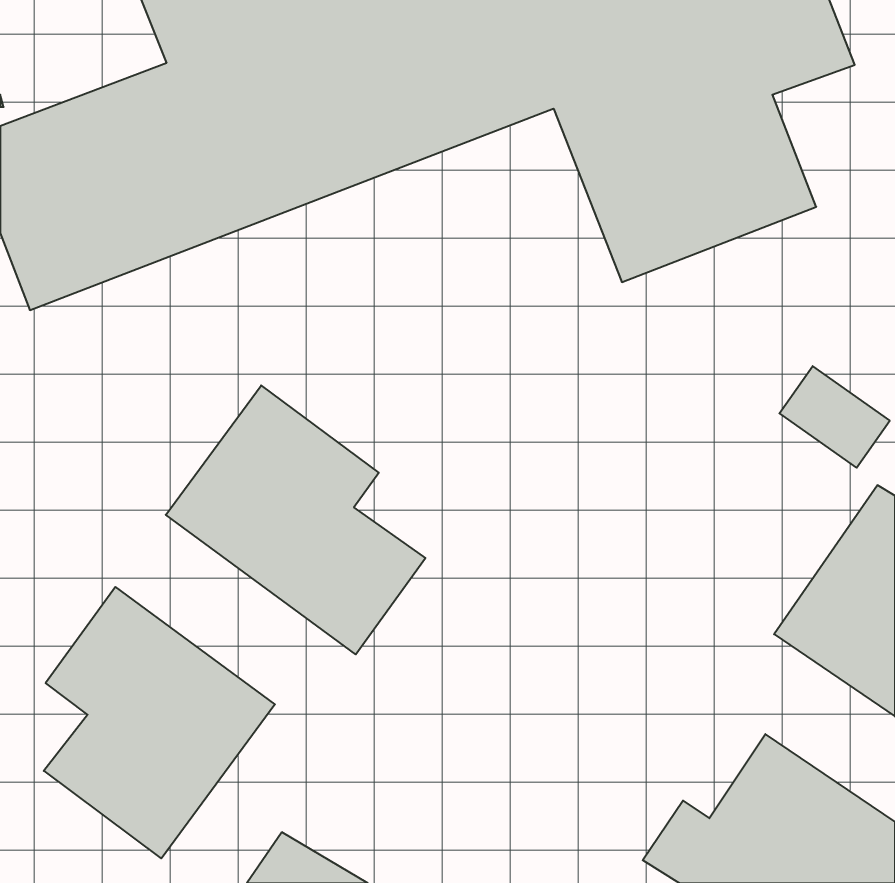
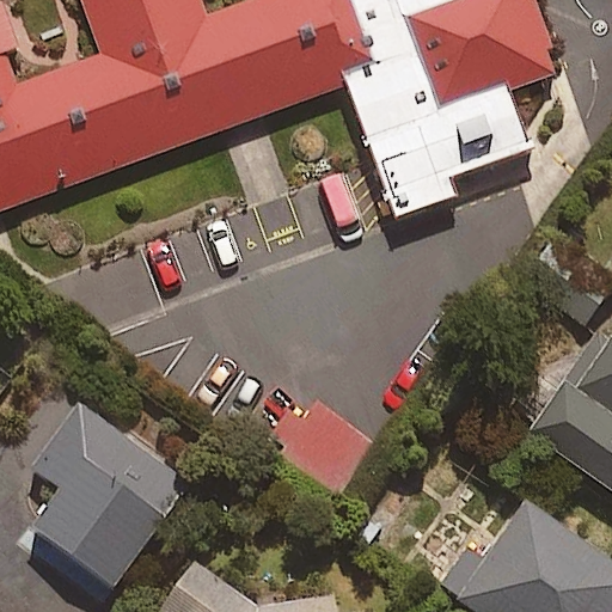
building: [166,385,425,654] -> none

